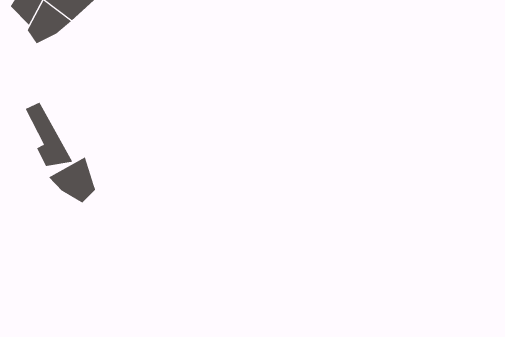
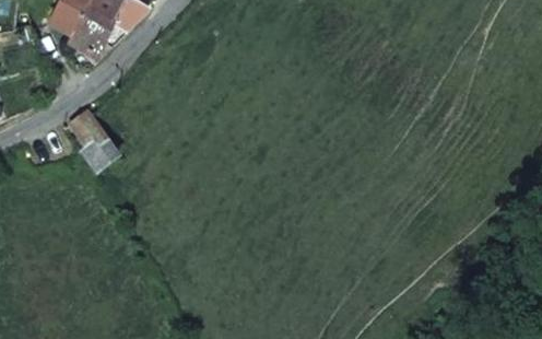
building: [48,157,96,204] -> none

